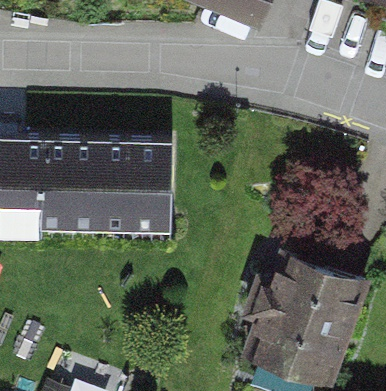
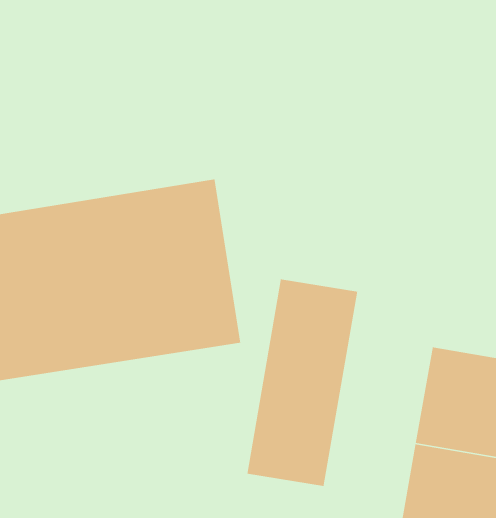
building: none -> [247,278,358,487]

